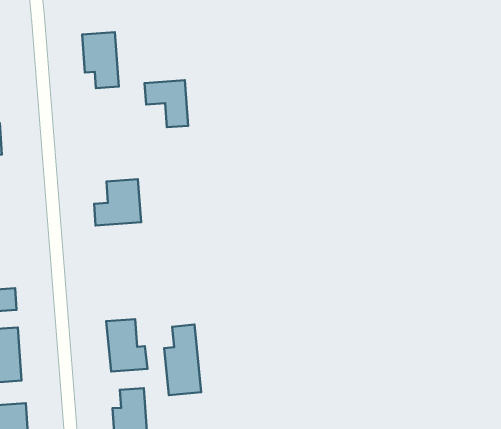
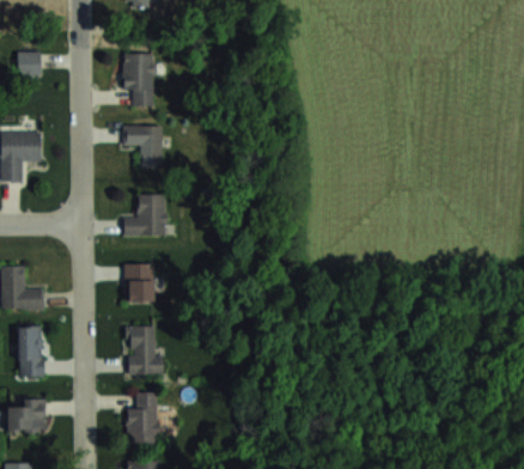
building: [145,80,188,127] -> [123,126,162,169]
building: none -> [124,264,153,303]
building: [164,325,201,395] -> none

